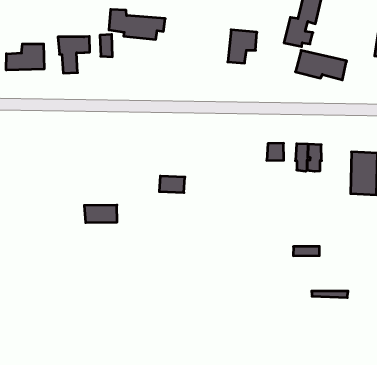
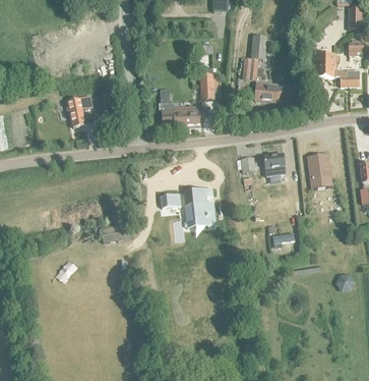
building: [109,9,165,39] -> [161,103,204,123]
building: [6,44,44,70] -> none
building: none -> [190,189,216,228]

